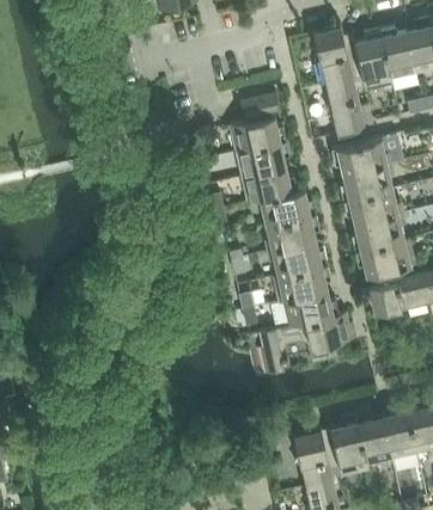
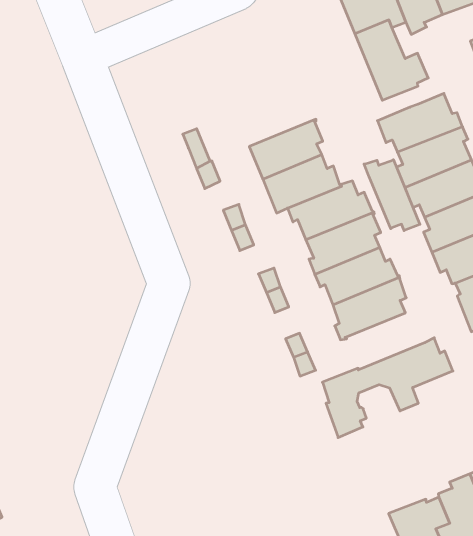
building: [228,93,286,153] -> none
building: none -> [364,160,420,231]
building: [281,291,339,327] -> none

